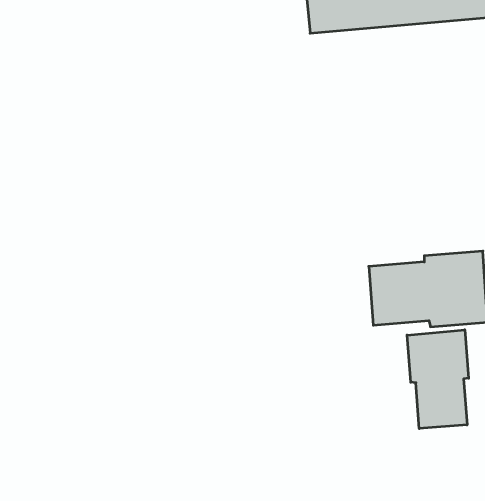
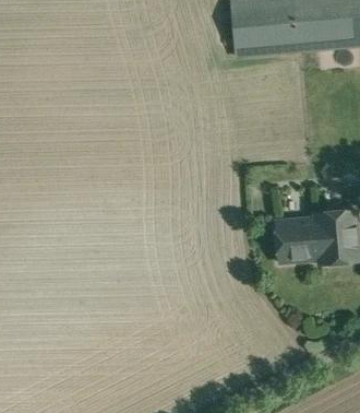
building: [407,330,469,429] -> none

